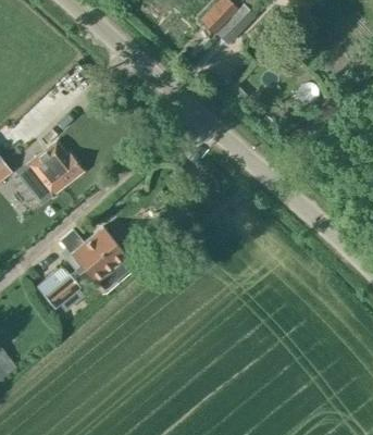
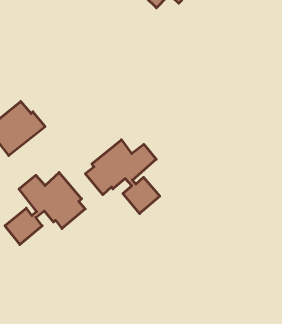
building: none -> [85,140,160,214]

